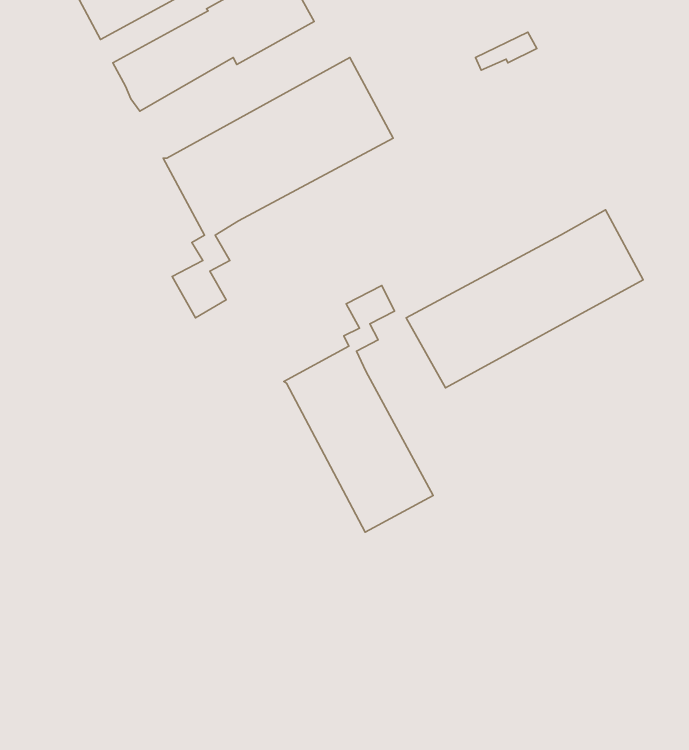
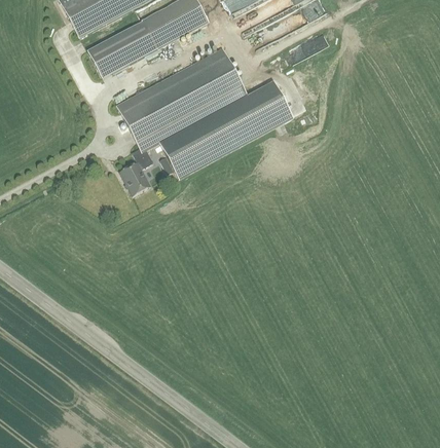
building: [406,210,643,388] -> [159,78,295,180]
building: [284,285,433,532] -> none

